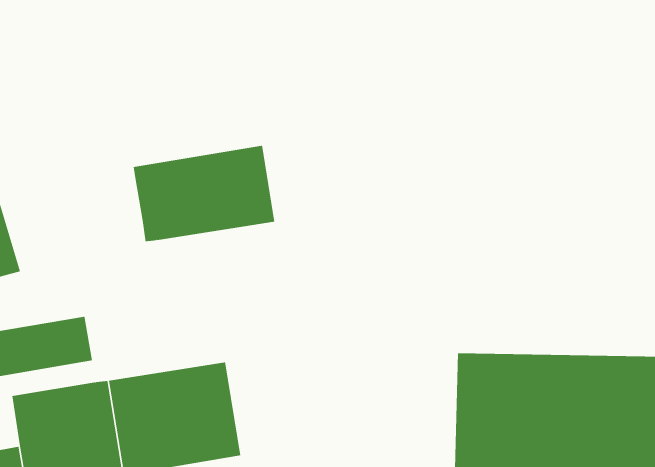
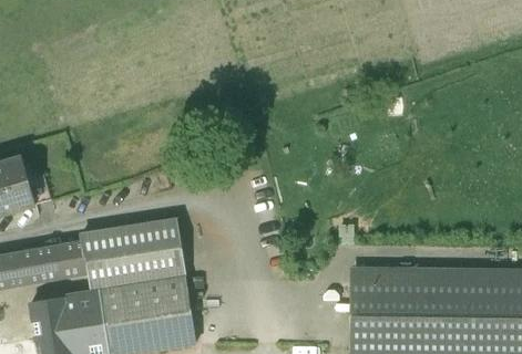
building: [133,145,275,242] -> [81,219,184,289]

